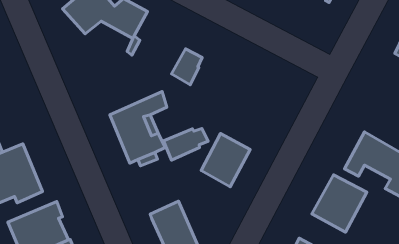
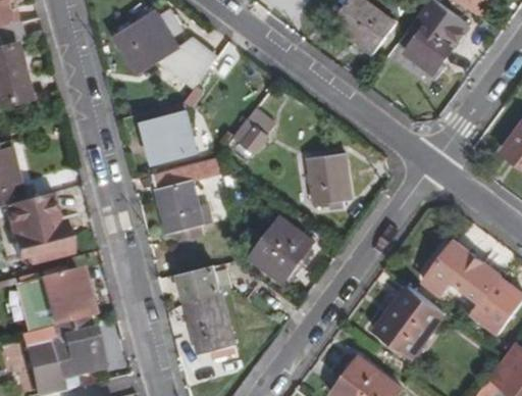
building: none -> [145,114,195,163]
building: none -> [307,152,351,203]
building: [164,128,208,160] -> [178,266,231,300]

